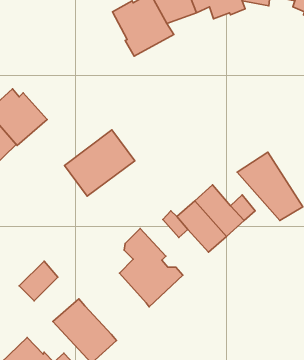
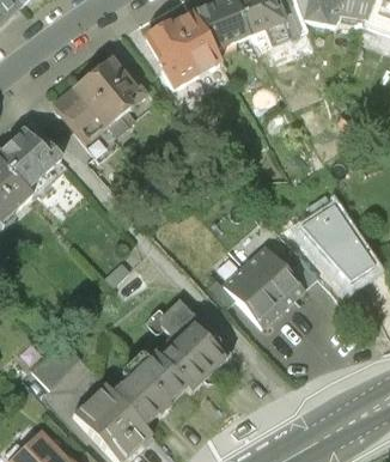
building: [64,130,135,196] -> [59,57,144,138]
building: none -> [112,349,187,424]

